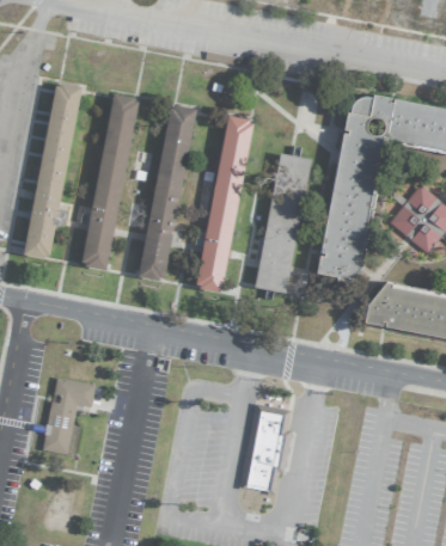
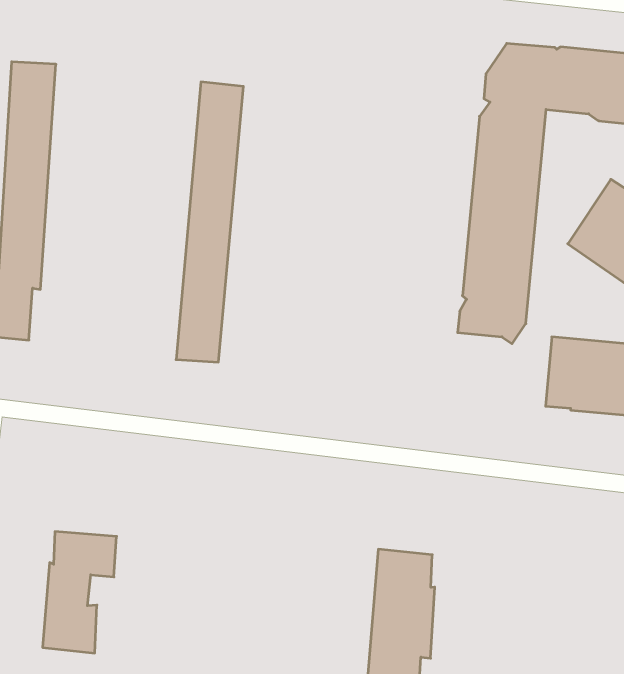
building: [81,94,138,270] -> none
building: [198,117,250,294] -> none
building: [256,154,310,294] -> none

